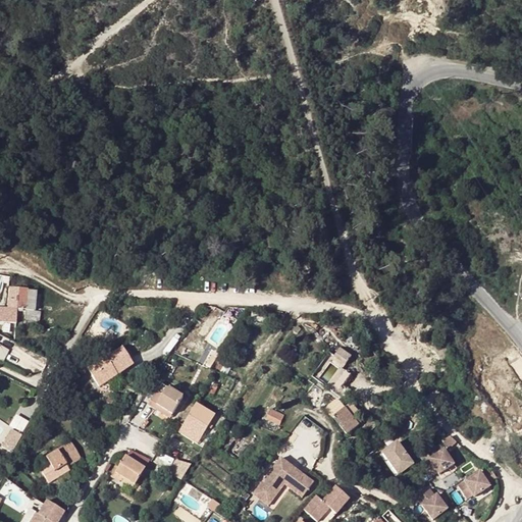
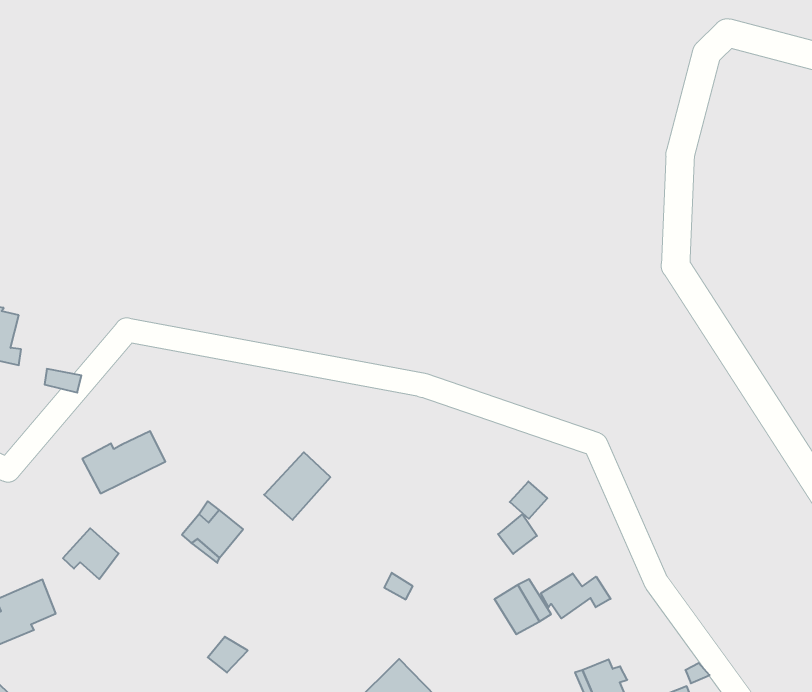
building: none -> [541,573,611,618]
building: [177,402,214,441] -> [264,452,330,520]
building: [112,456,144,484] -> [63,528,119,579]

